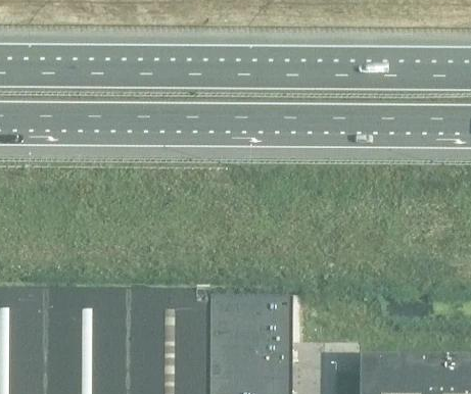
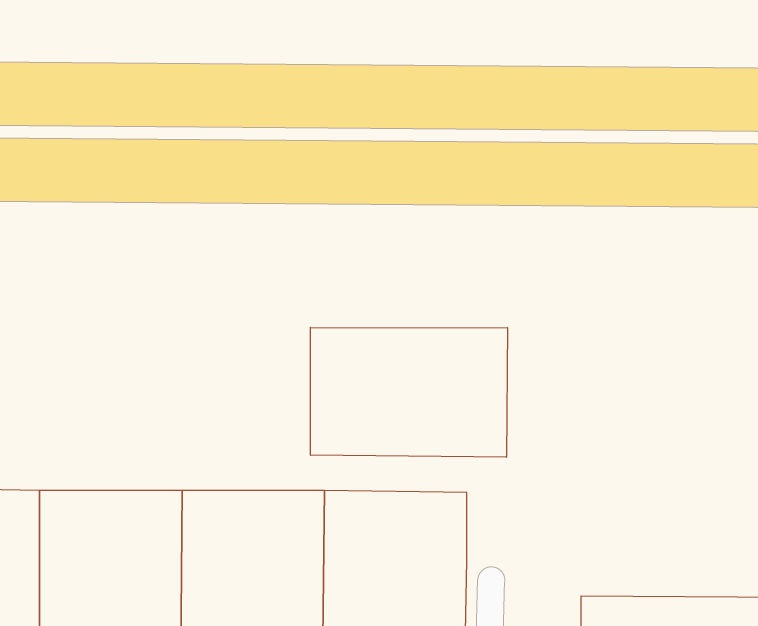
building: none -> [310,327,508,457]

